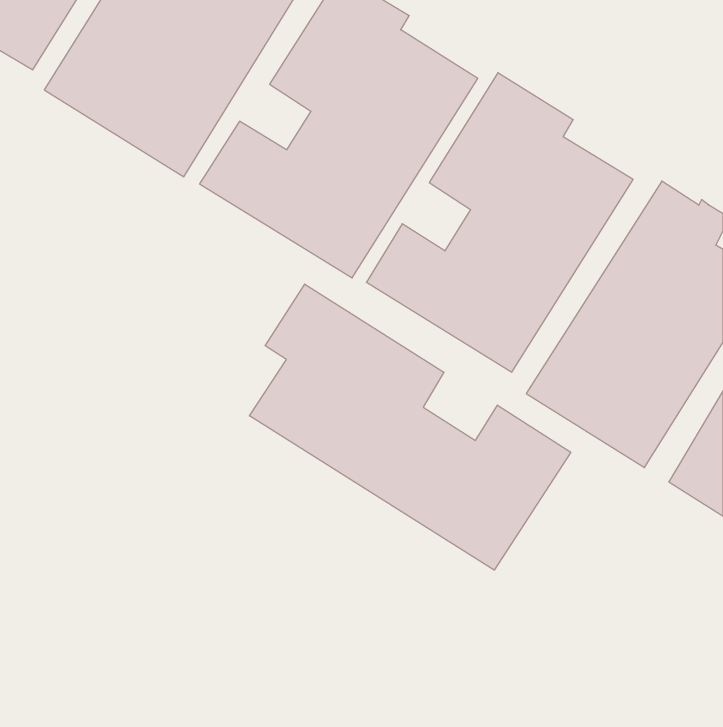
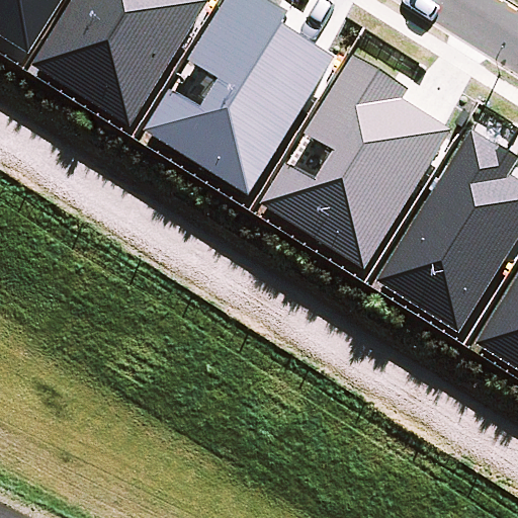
building: [249,284,571,570] -> none

